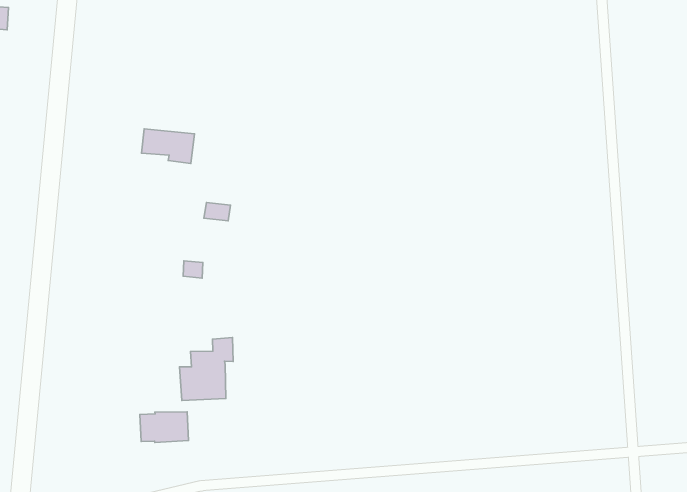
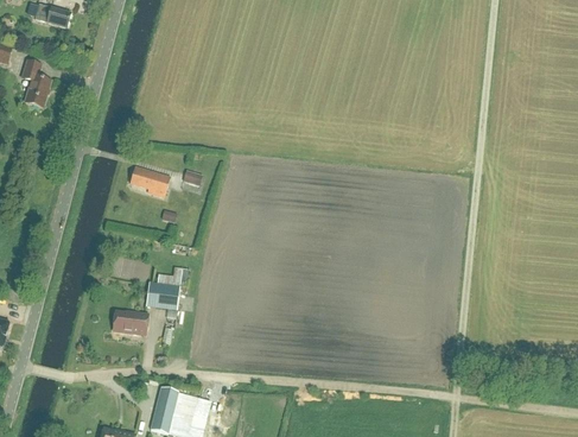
building: [141,129,194,164] -> [131,167,170,197]

